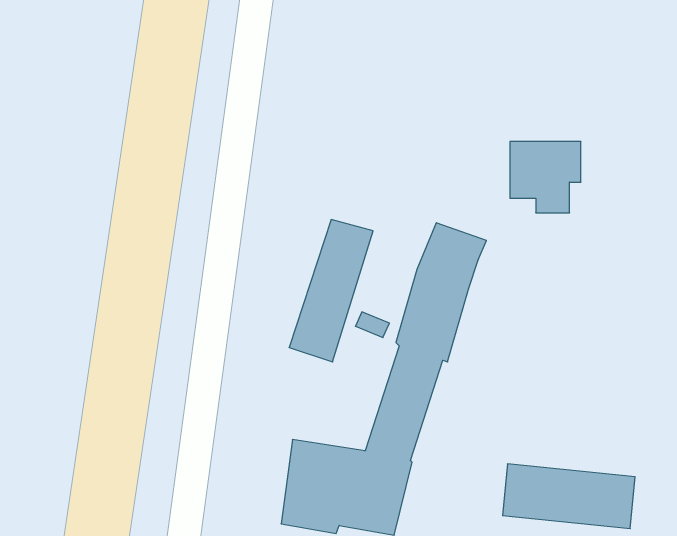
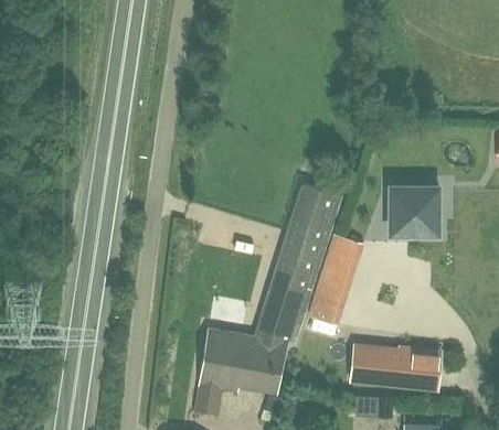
building: [510,142,581,213] -> [390,186,438,235]
building: [289,220,373,362] -> [307,230,364,327]

